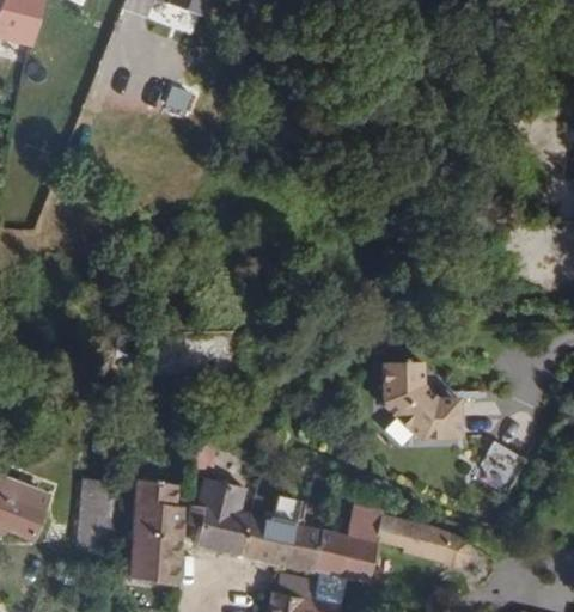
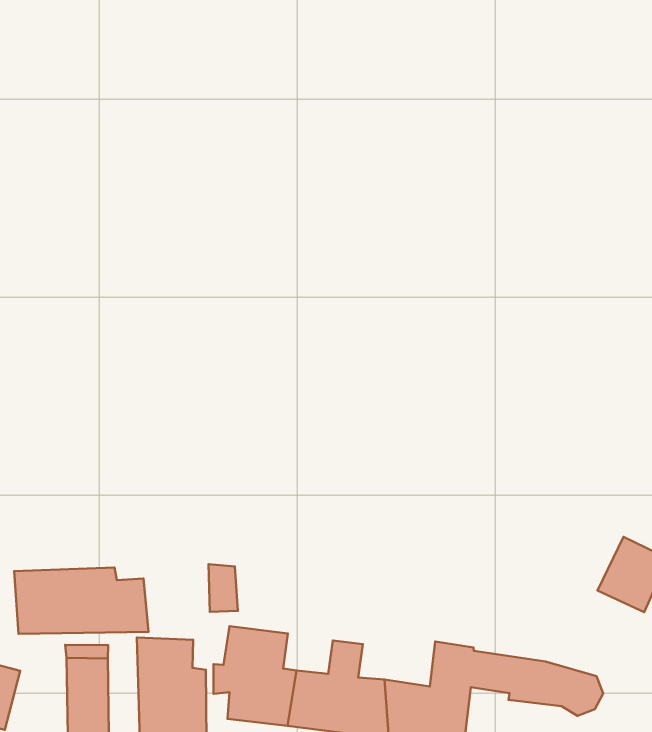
building: [383,362,459,439] -> none
building: none -> [14,567,148,634]

